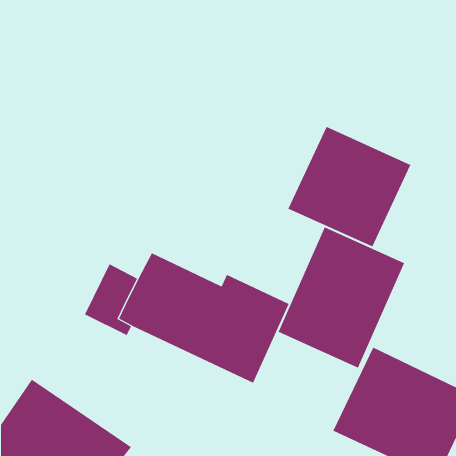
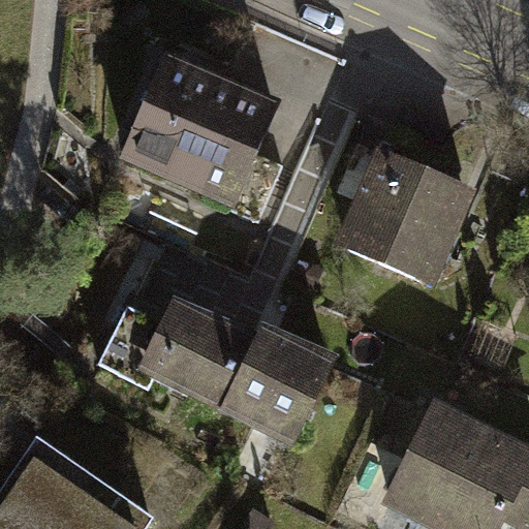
building: none -> [118,52,278,208]
building: [278,227,405,369] -> none

